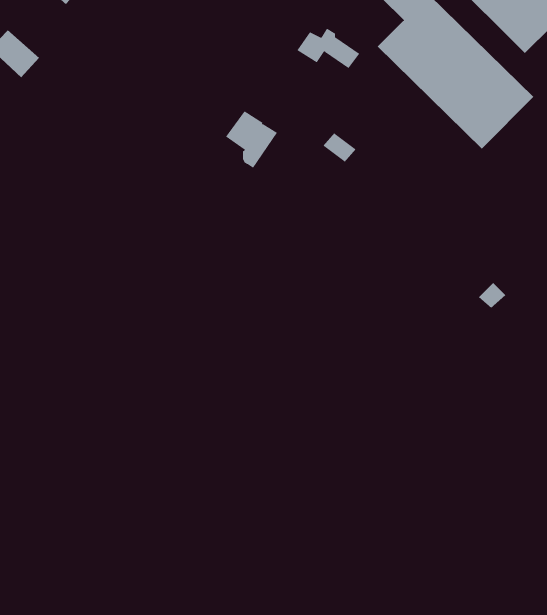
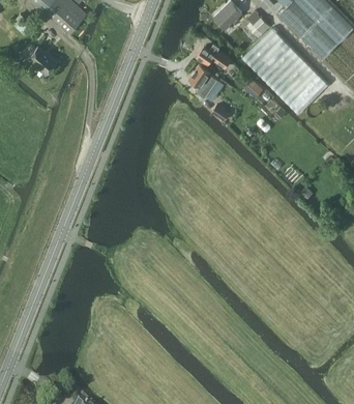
building: [225,110,278,168] -> [189,65,218,97]

